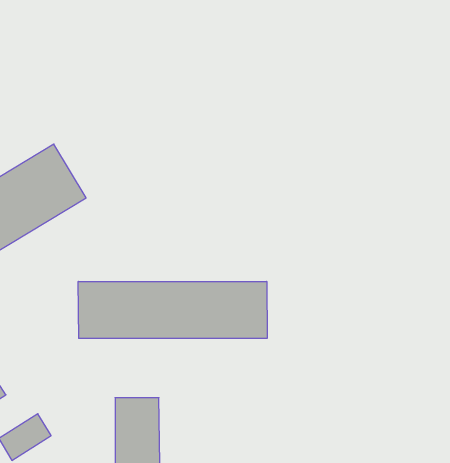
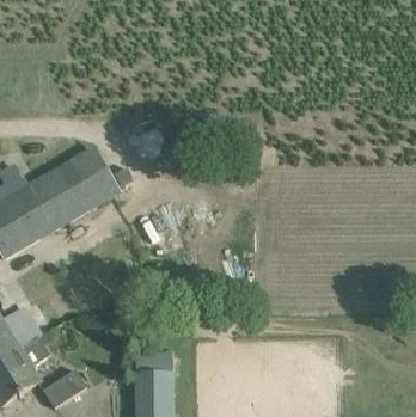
building: [78,281,267,338] -> none

